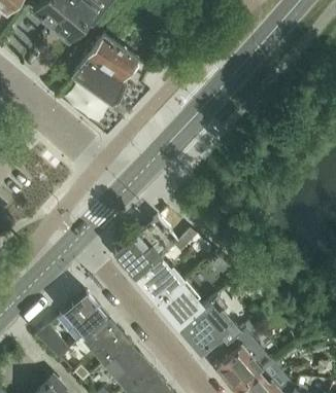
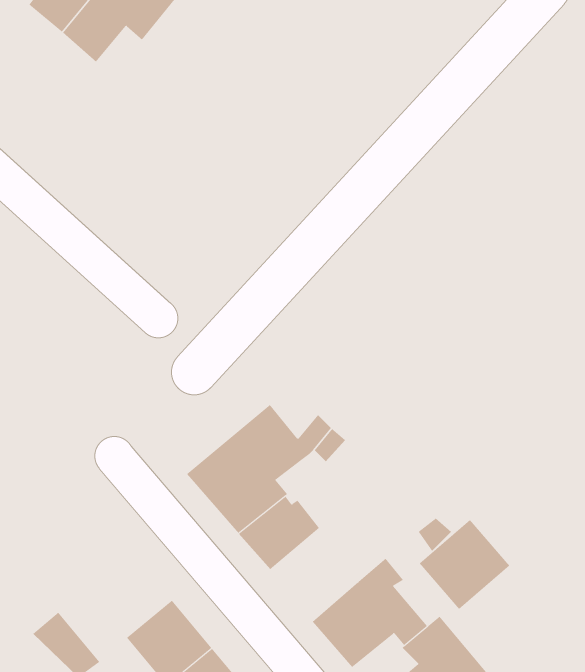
building: [72,33,139,106] -> none
building: none -> [419,519,510,610]
building: [158,280,203,328] -> none
building: [63,292,107,336] -> none

